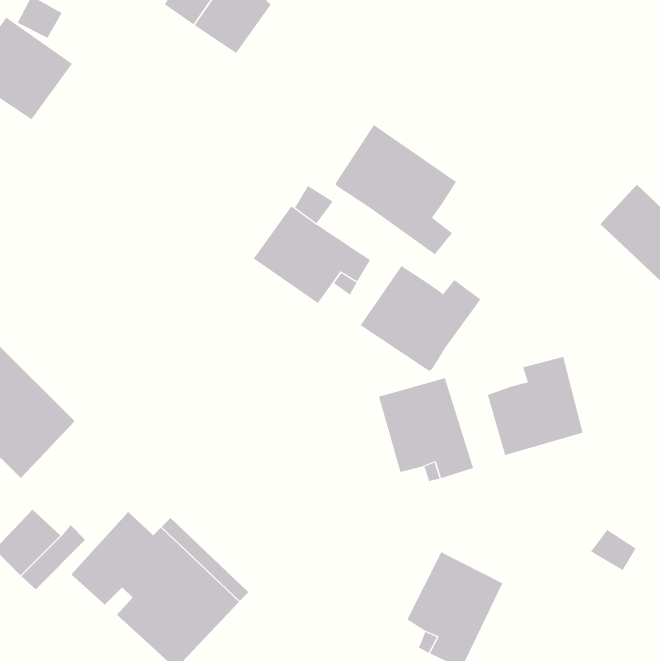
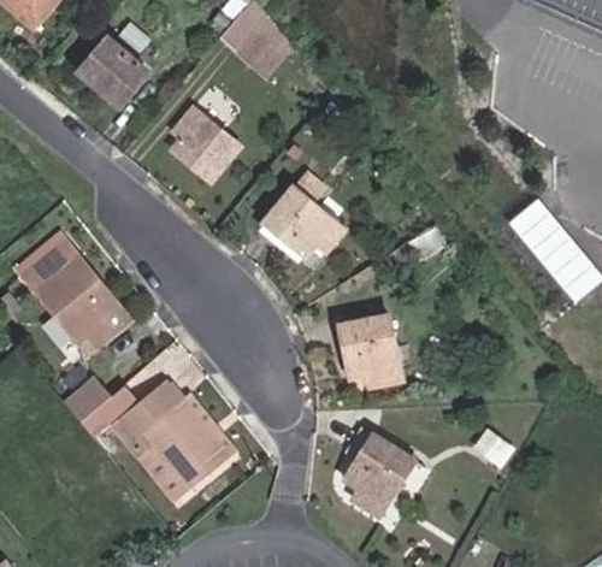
building: none -> [171,107,240,182]
building: [334,124,457,255] -> none
building: [360,265,481,372] -> none
building: [487,356,583,456] -> none

